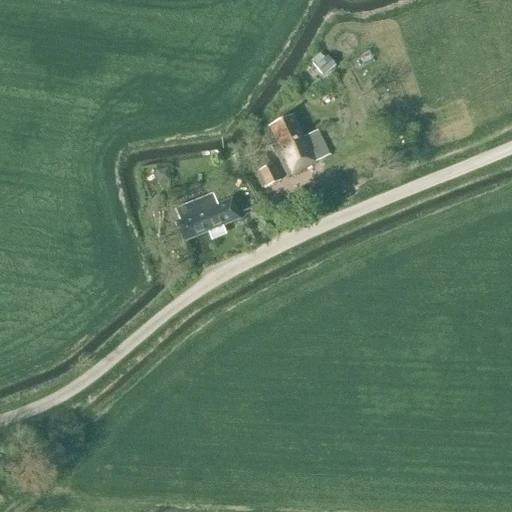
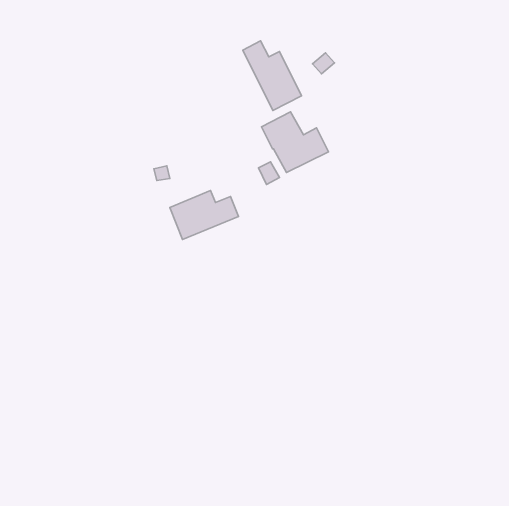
building: none -> [243,41,302,110]

